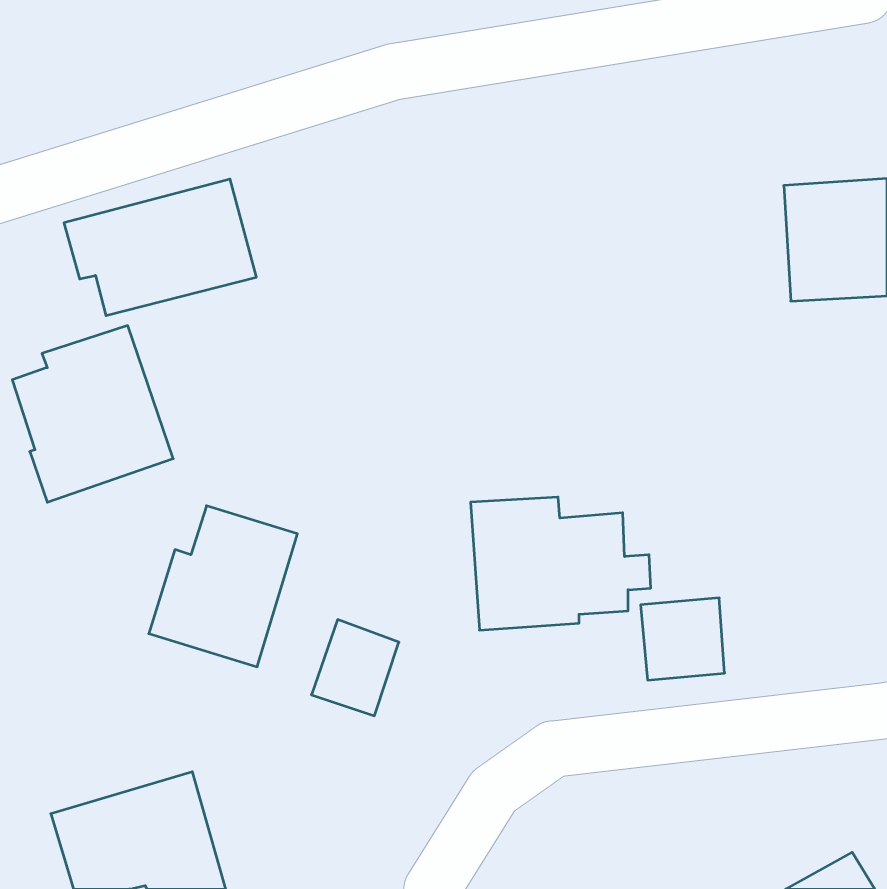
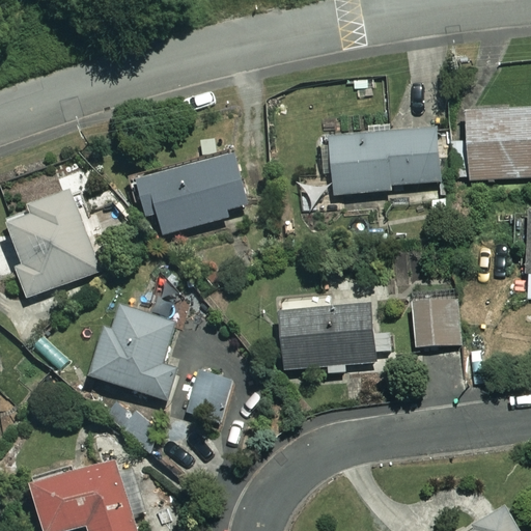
building: [64,179,256,316] -> [135,153,249,234]
building: none -> [319,130,437,196]
building: [641,598,725,680] -> [410,298,459,346]

